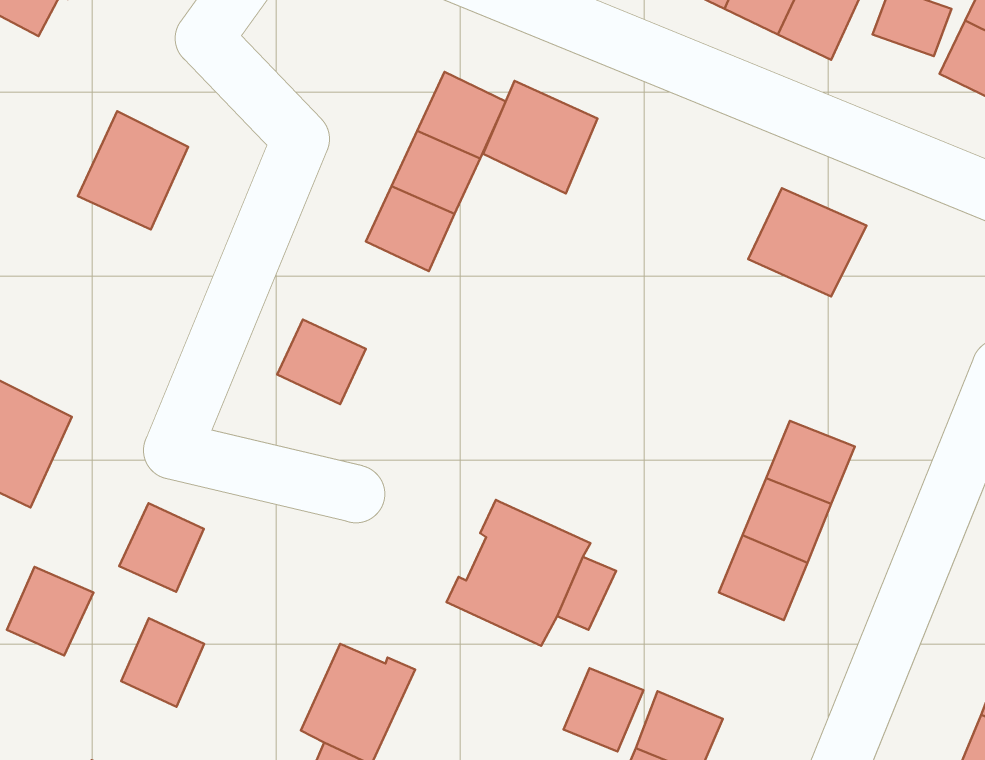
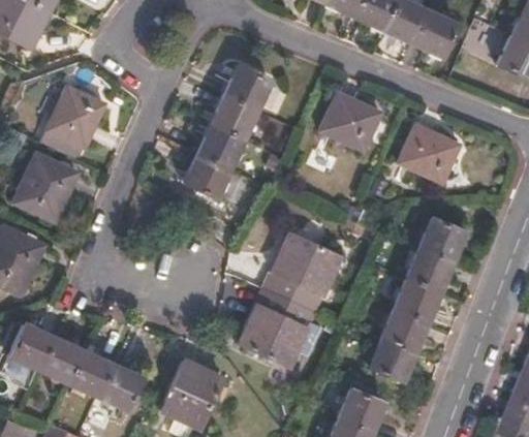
building: [483,81,597,193] -> [320,92,380,151]
building: none -> [12,152,76,220]
building: [277,319,366,404] -> [184,153,230,197]
building: none -> [419,217,465,260]
building: none -> [268,233,340,311]
building: [119,503,204,592] -> [39,337,84,383]
building: none -> [370,337,416,381]
building: none -> [98,364,142,409]
building: [563,668,644,751] -> none

